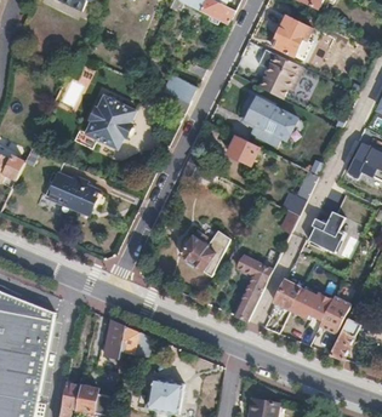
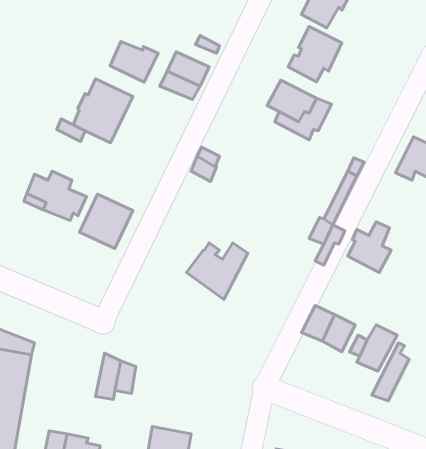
building: none -> [110,41,158,82]
building: [223,136,257,173] -> none
building: none -> [79,194,133,249]
building: [233,255,270,319] -> none

